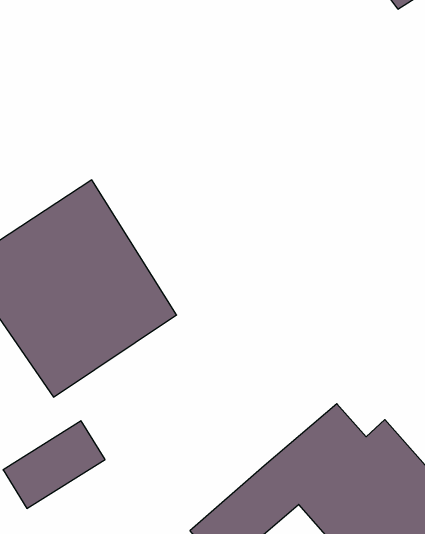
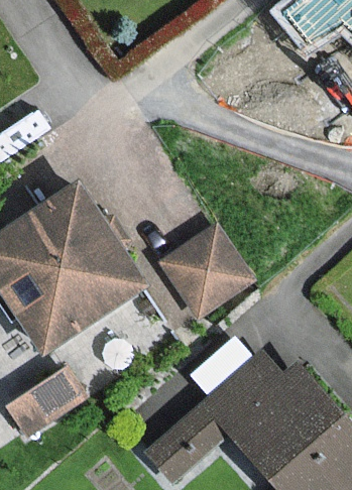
building: none -> [161,228,244,312]

